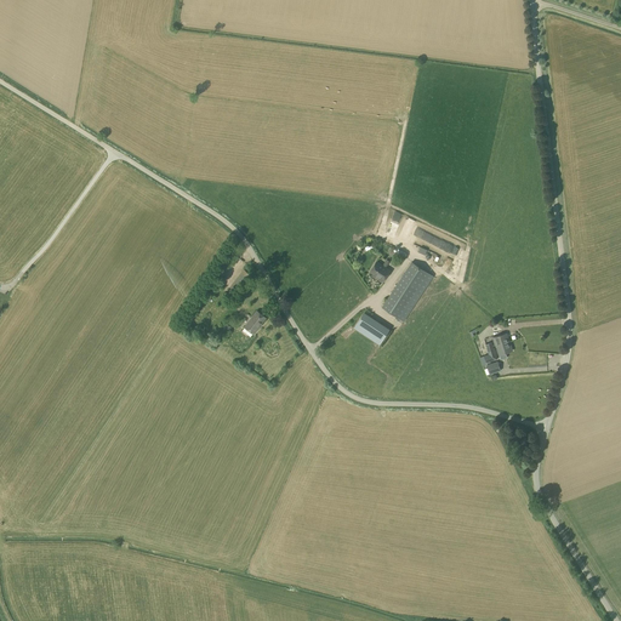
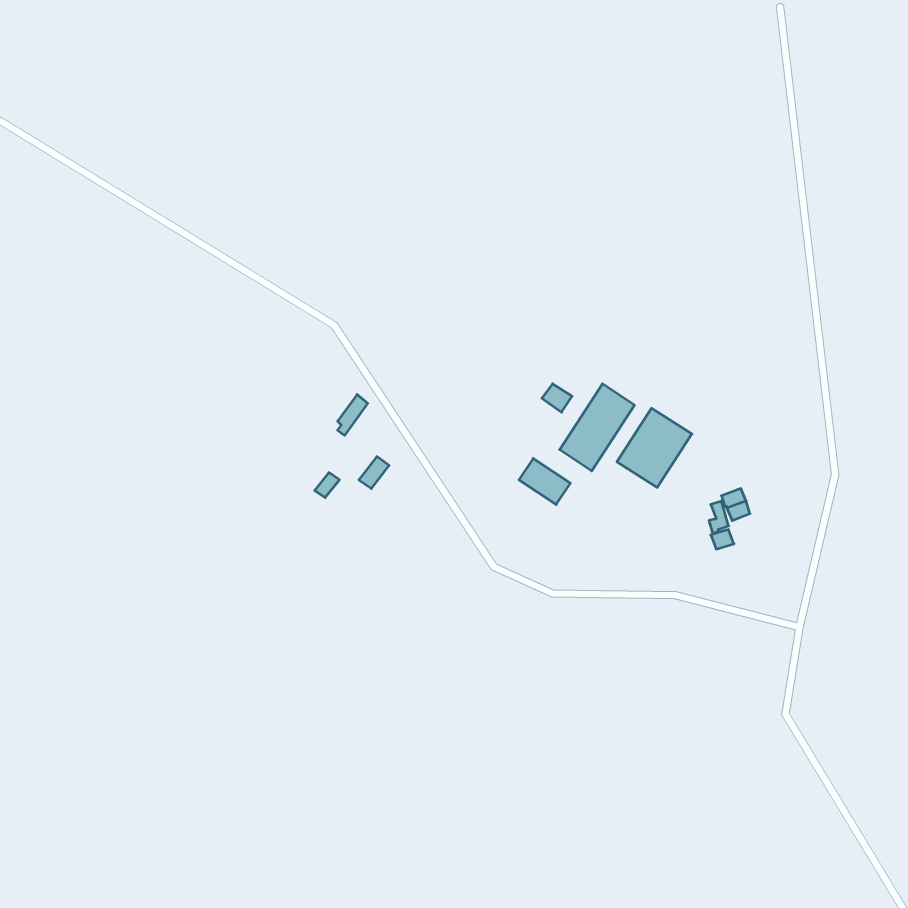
building: none -> [617,408,692,487]

